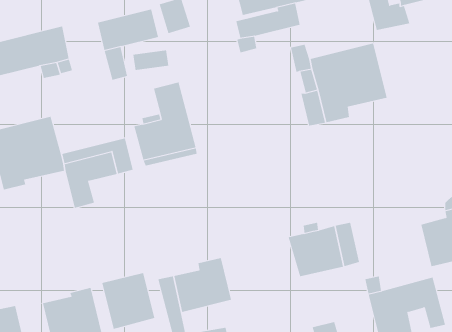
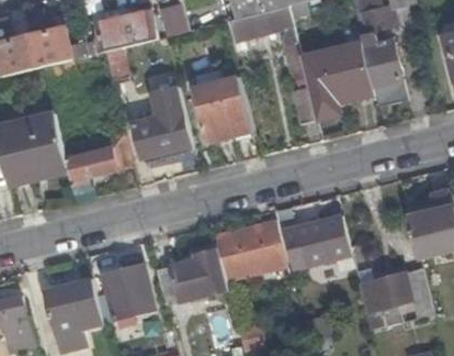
building: none -> [361,32,407,105]
building: none -> [195,76,253,141]
building: none -> [216,221,284,279]

